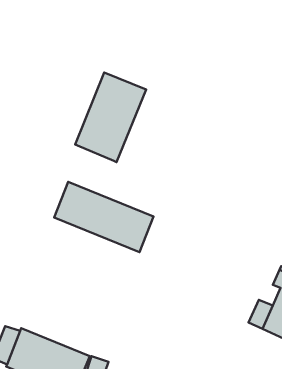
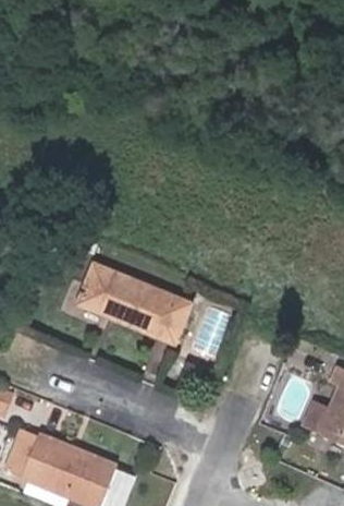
building: [75,72,146,162] -> none

